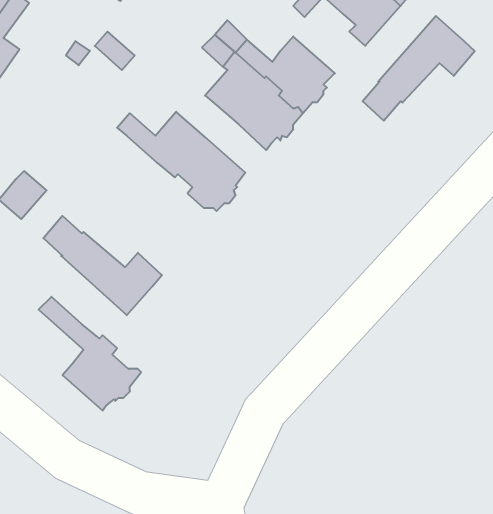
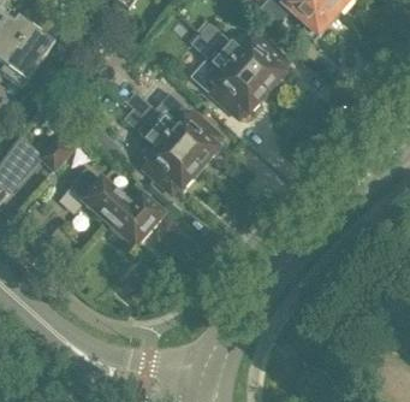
building: [363,16,475,121] -> none
building: [39,297,141,411] -> [123,108,200,194]

